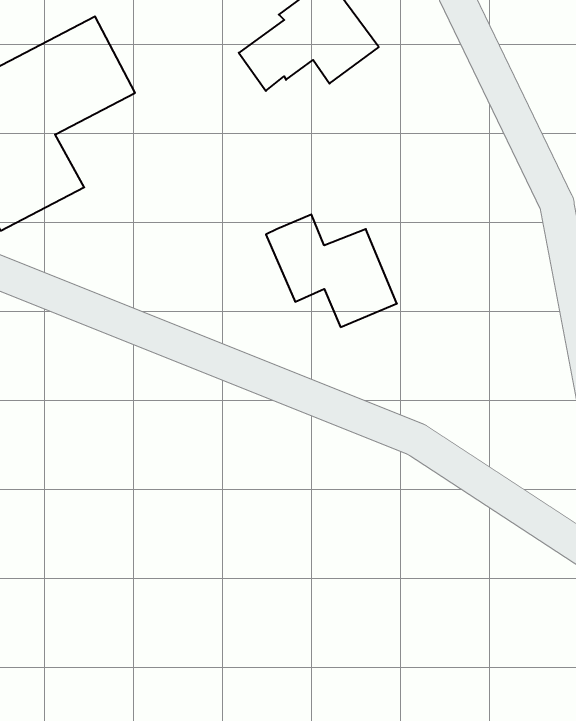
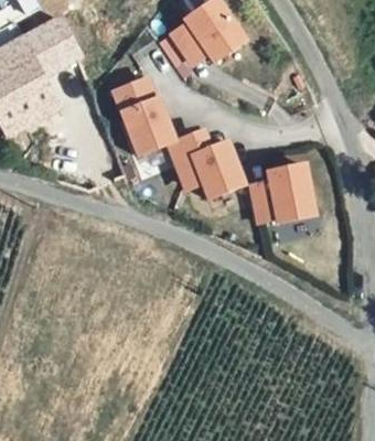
building: none -> [109,77,173,155]
building: none -> [255,162,319,230]

